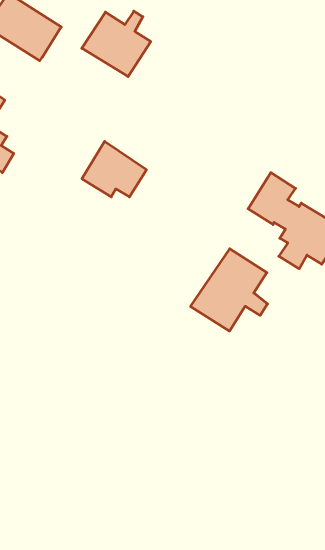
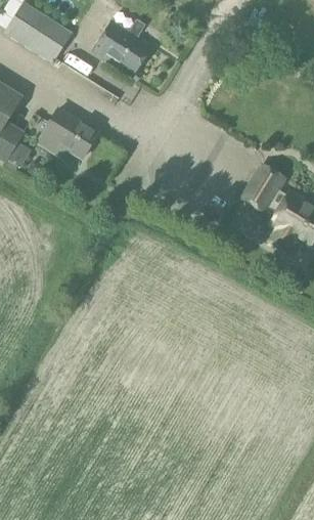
building: [82,141,146,197] -> [38,107,96,158]
building: [191,249,268,331] -> none

